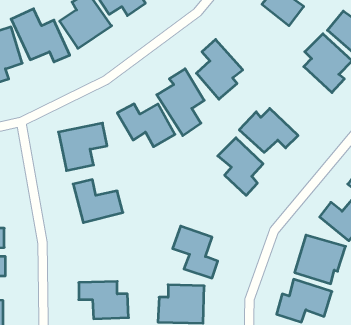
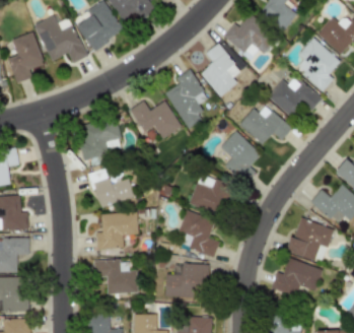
building: none -> [223,17,274,58]
building: none -> [268,77,321,116]
building: none -> [188,173,233,217]
building: none -> [96,212,138,249]

